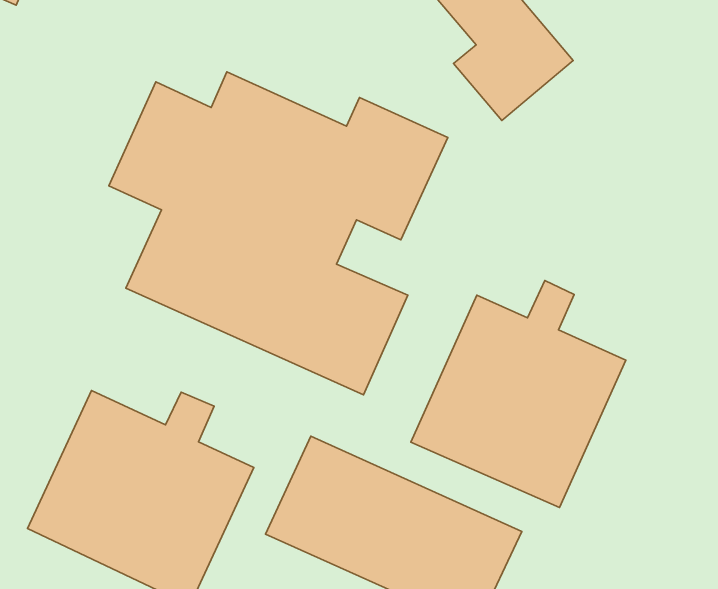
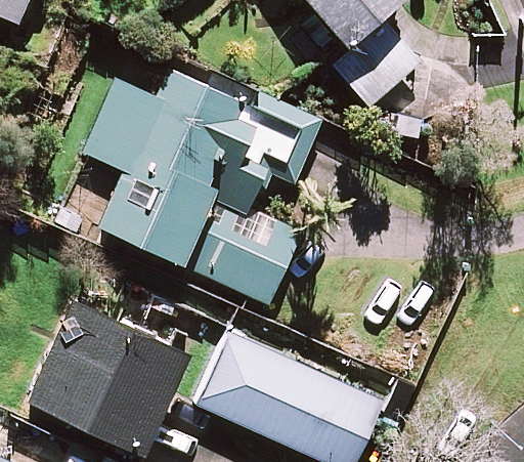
building: [411,281,626,507] -> none

